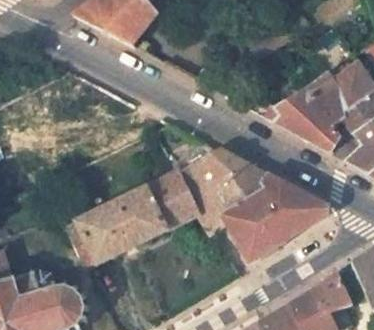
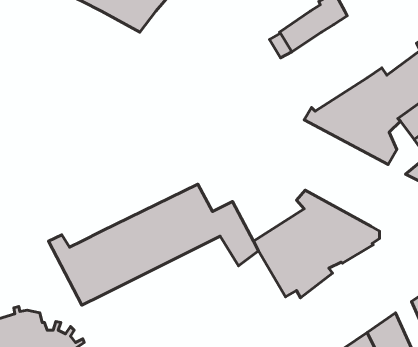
building: [178,149,265,215] -> none

